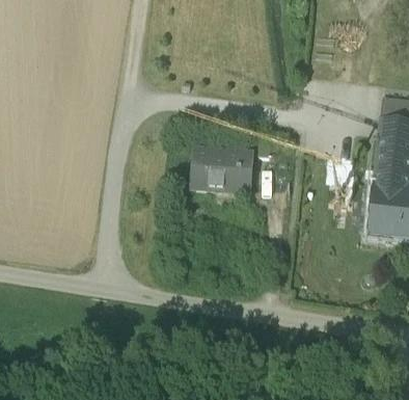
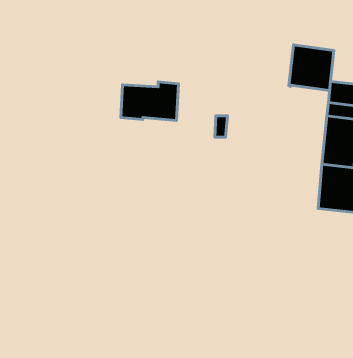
building: none -> [289,45,334,90]
building: [190,146,252,188] -> [121,82,179,120]

